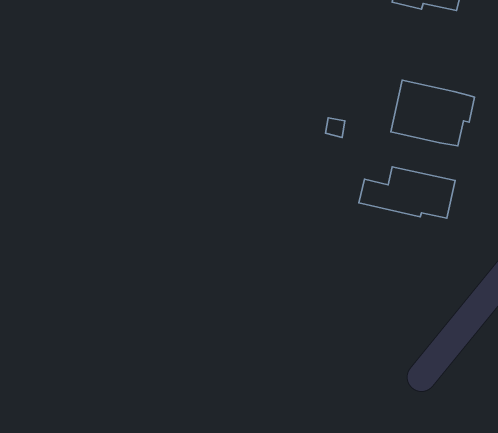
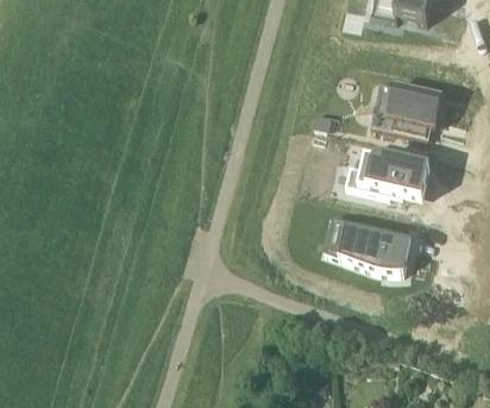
building: none -> [340,221,413,276]

